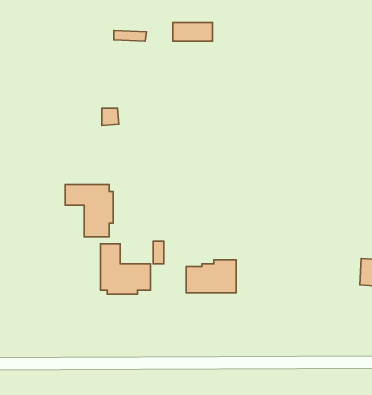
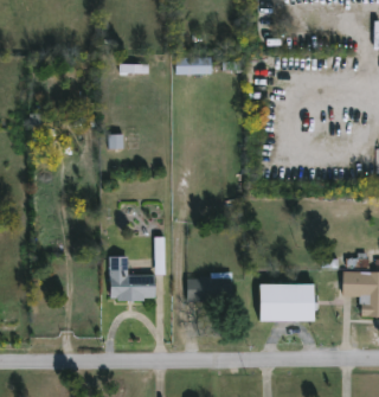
building: [65,184,113,237] -> none
building: none -> [258,282,311,319]

